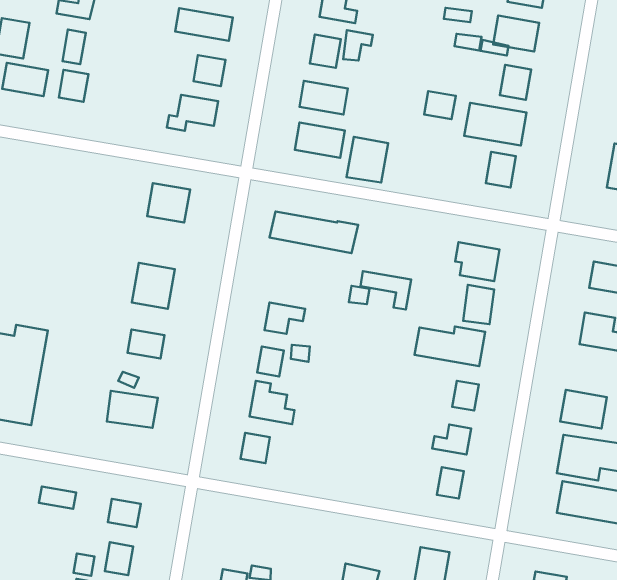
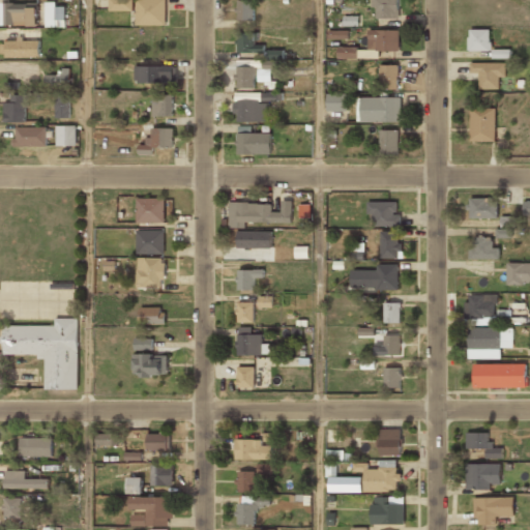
building: [347,137,388,182] -> none
building: none -> [136,230,164,246]
building: [360,271,411,310] -> [236,237,272,260]
building: none -> [235,440,271,460]

